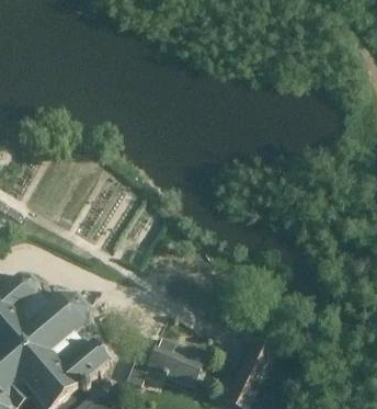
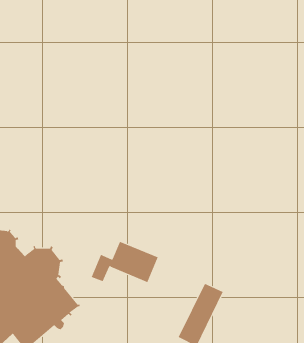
building: [127,336,205,384] -> [91,241,158,283]

